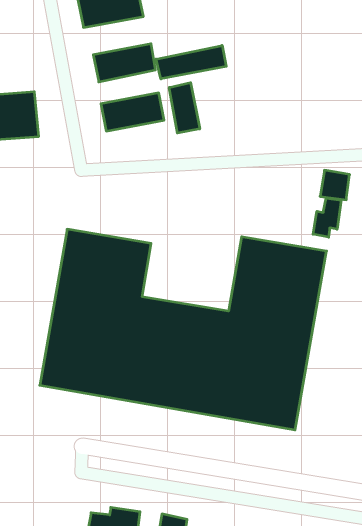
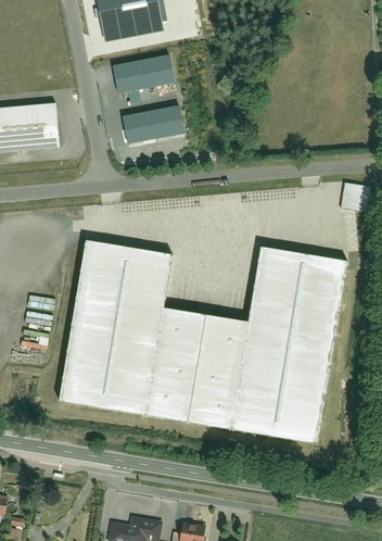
building: [156,45,226,79] -> none
building: [169,83,200,133] -> none
building: [313,198,341,237] -> none

